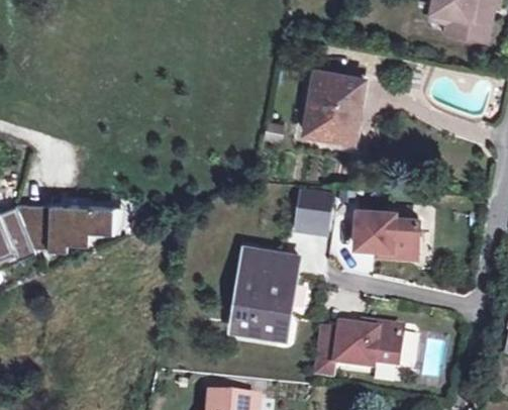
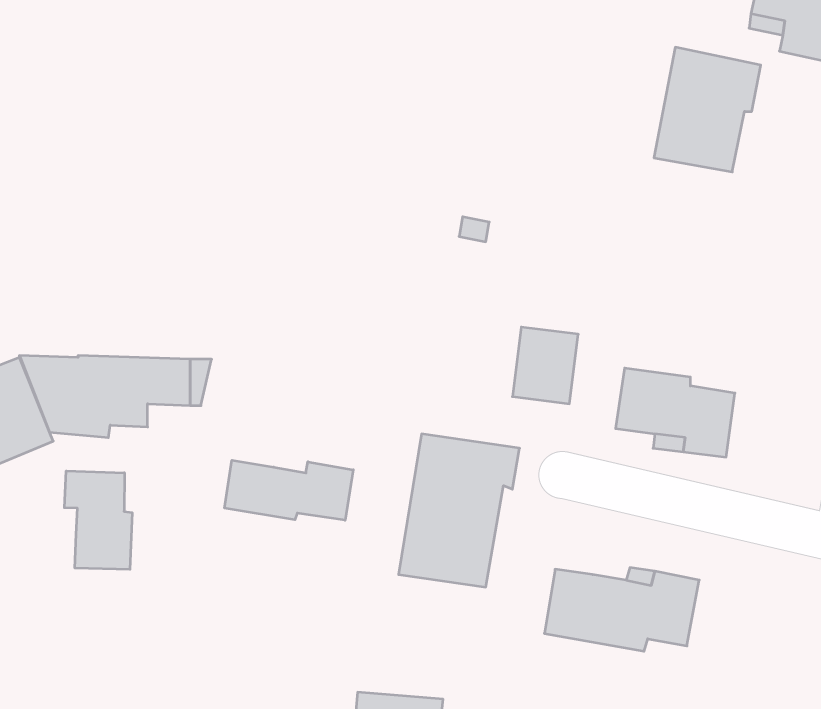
building: [303,69,364,139] -> [654,47,761,172]
building: none -> [225,460,353,520]
building: none -> [64,471,132,569]

